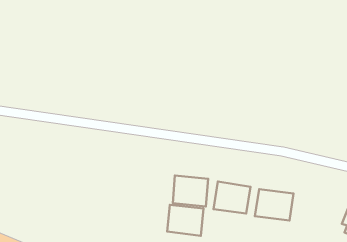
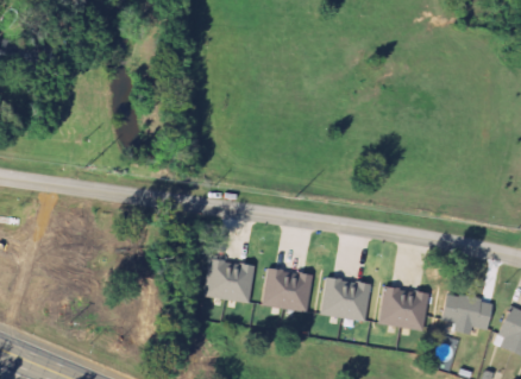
building: none -> [440,293,492,328]
building: [167,205,203,236] -> [205,260,255,303]

